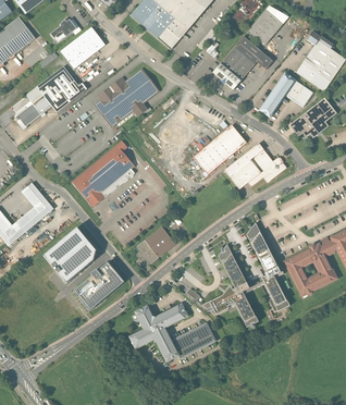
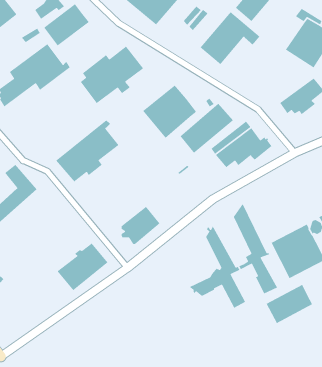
building: [260,73,313,115] -> none
building: none -> [142,85,197,139]
building: [44,225,97,282] -> none
building: none -> [265,284,313,324]
building: [129,303,218,361] -> none

